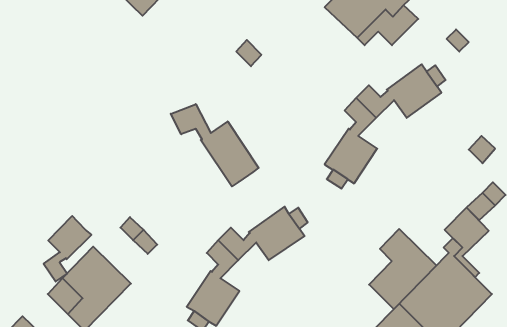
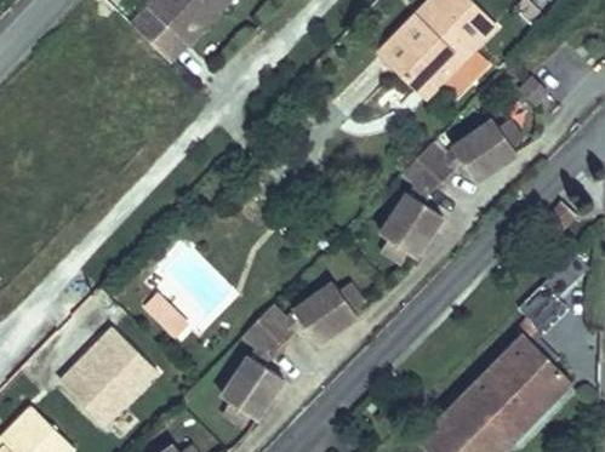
building: [171,104,259,186] -> none
building: [44,216,91,282] -> none
building: [369,229,436,309] -> none

